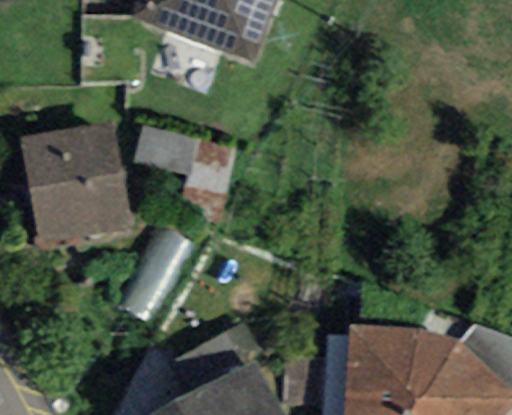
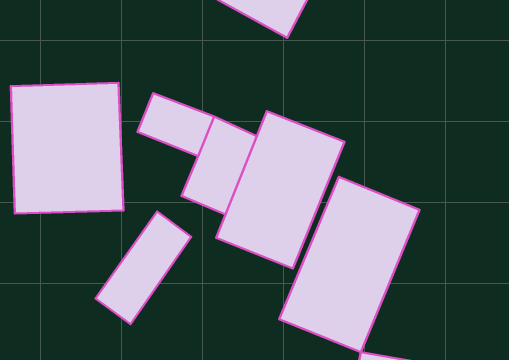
building: none -> [216,111,345,268]
building: none -> [279,177,419,352]

